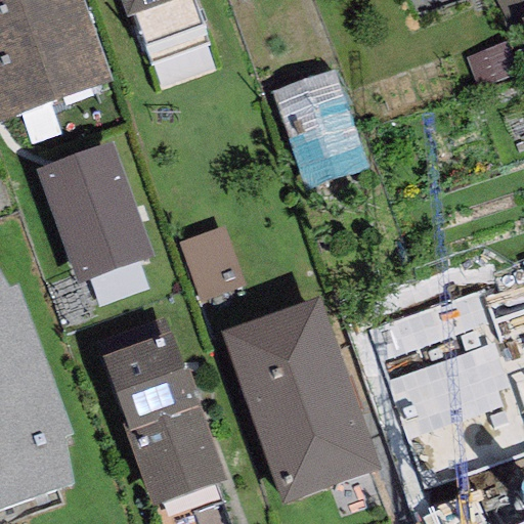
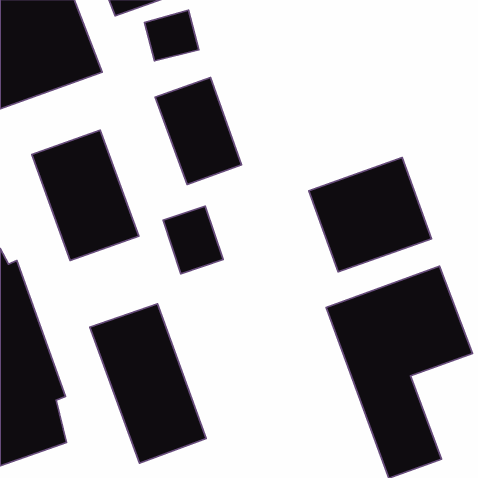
building: [272,70,366,186] -> [155,78,242,184]
building: none -> [309,158,432,272]
building: [221,297,381,505] -> none

